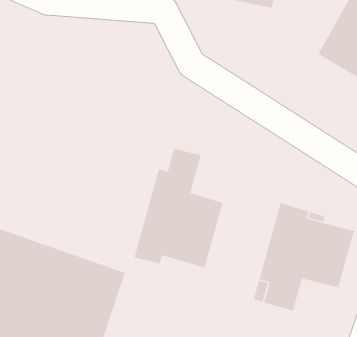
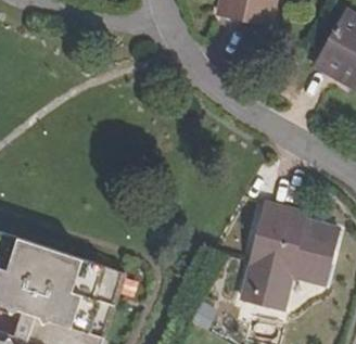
building: [133,148,223,269] -> none

